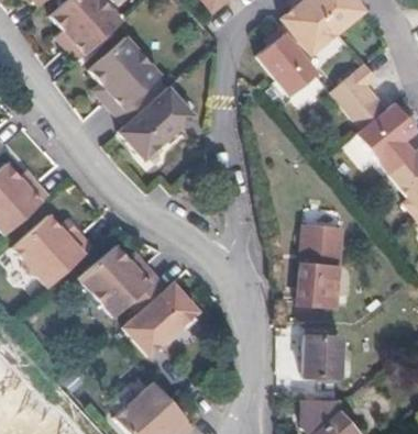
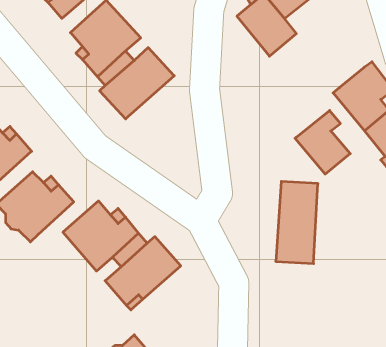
building: [331,65,387,130] -> [295,110,350,174]
building: [301,337,340,378] -> none

